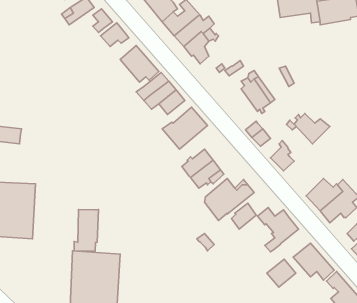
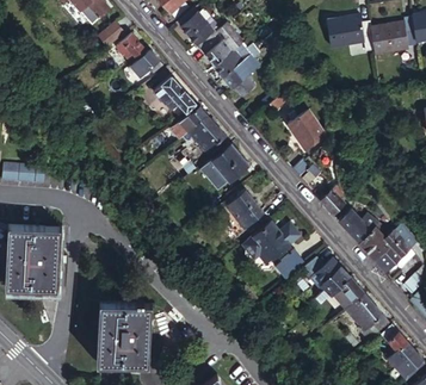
building: [294,113,330,144] -> [339,209,378,242]
building: [74,209,99,251] -> none
building: [267,259,296,287] -> [332,279,364,310]

